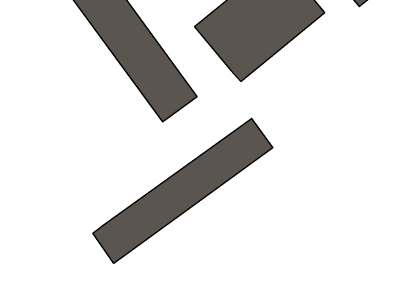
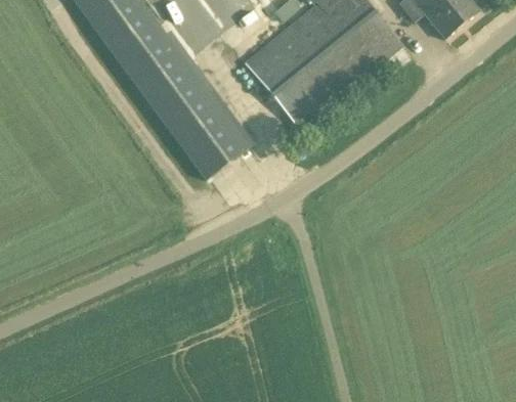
building: [93,118,273,263] -> none

